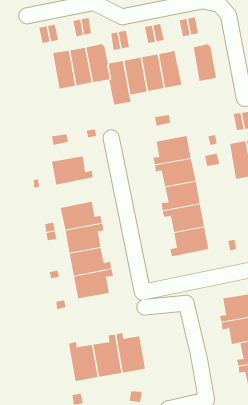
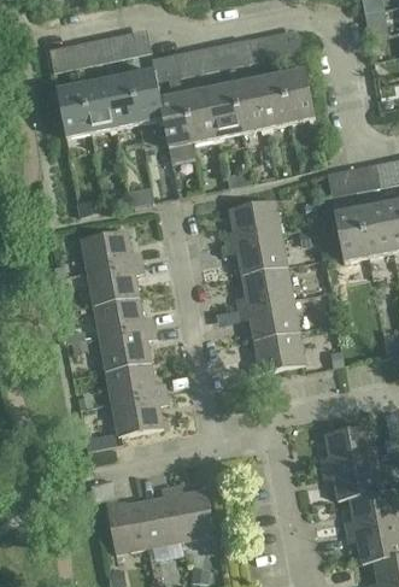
building: none -> [257,74,291,128]
building: none -> [57,82,90,139]
building: none -> [86,260,142,304]

